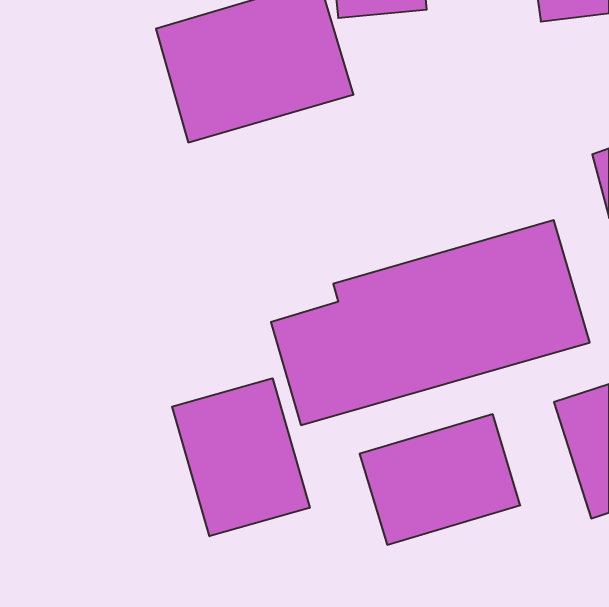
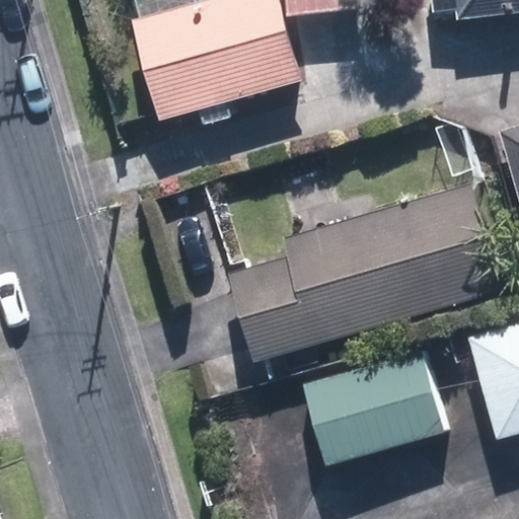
building: [172,378,310,536] -> none

